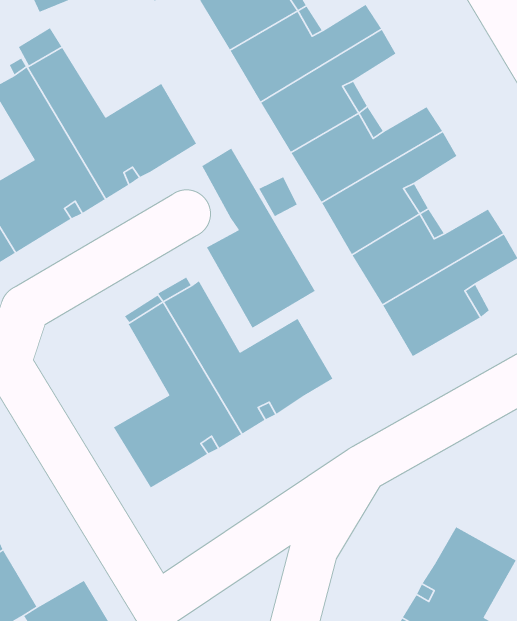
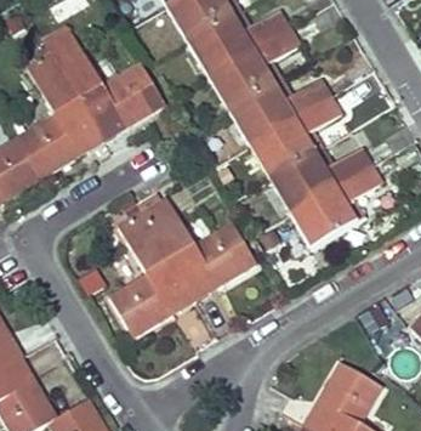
building: [201,148,316,329] -> none

